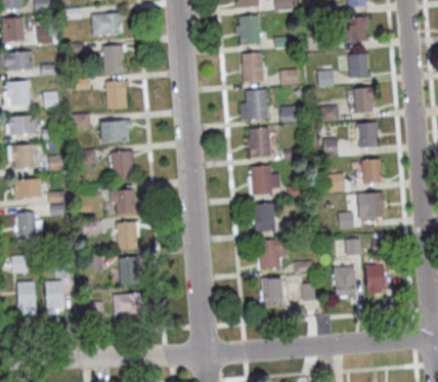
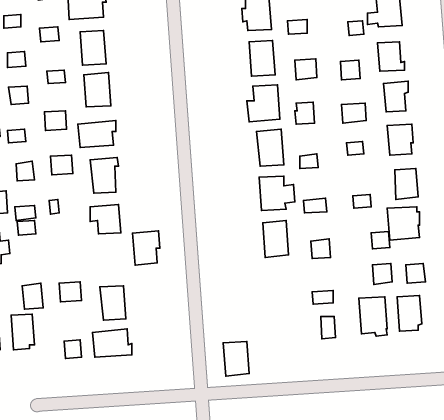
building: [116,222,138,251] -> [133,231,160,265]
building: [257,238,292,270] -> none
building: [260,278,281,306] -> [223,342,249,376]

